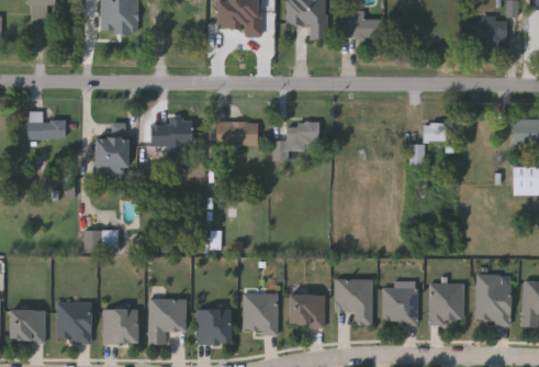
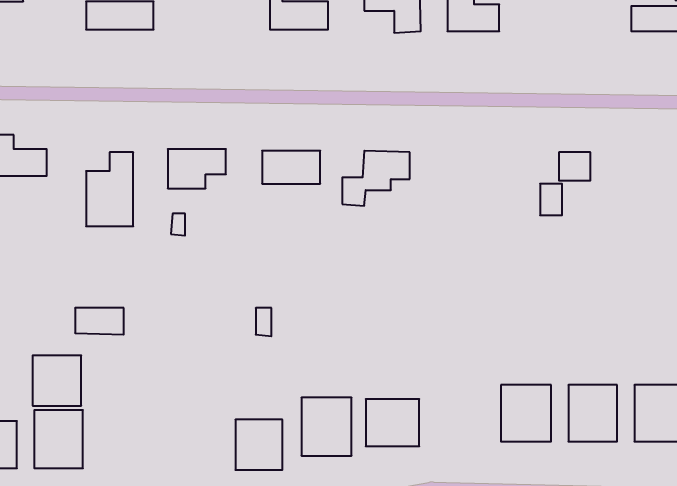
building: [336,280,373,325] -> none
building: [149,300,187,344] -> none
building: [104,309,138,344] -> [33,355,81,406]

